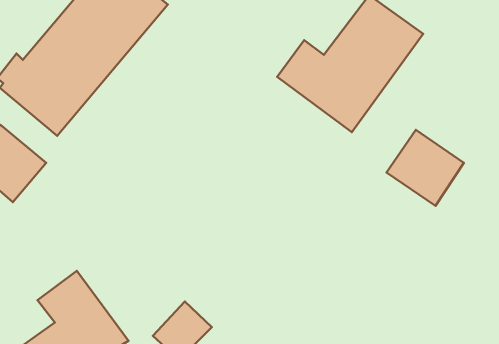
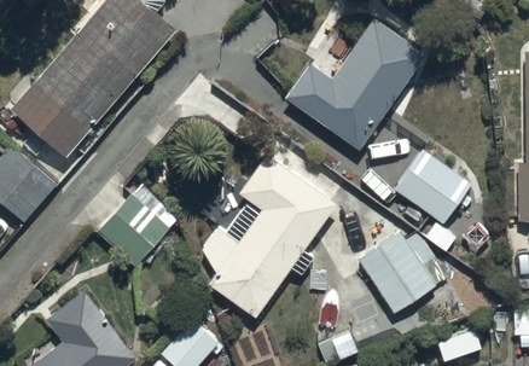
building: none -> [197,155,337,316]
building: none -> [98,194,172,268]
building: none -> [355,230,434,314]

